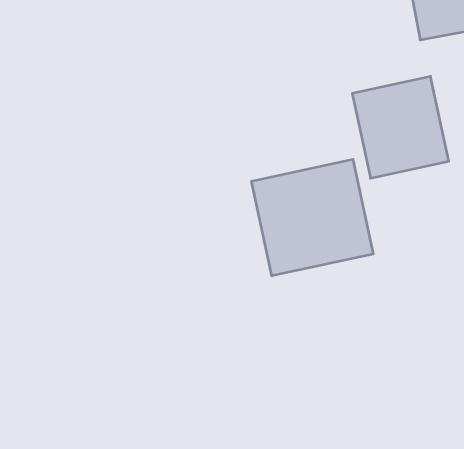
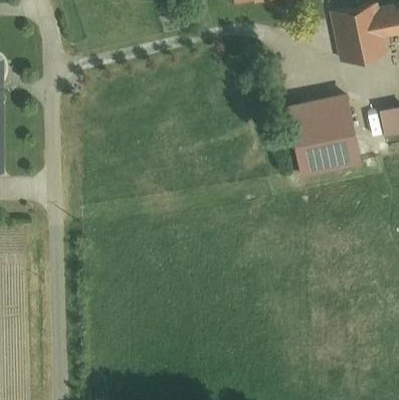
building: [252,159,373,276] -> none

